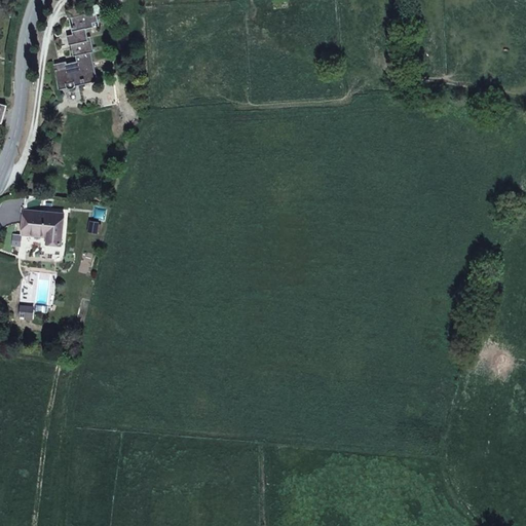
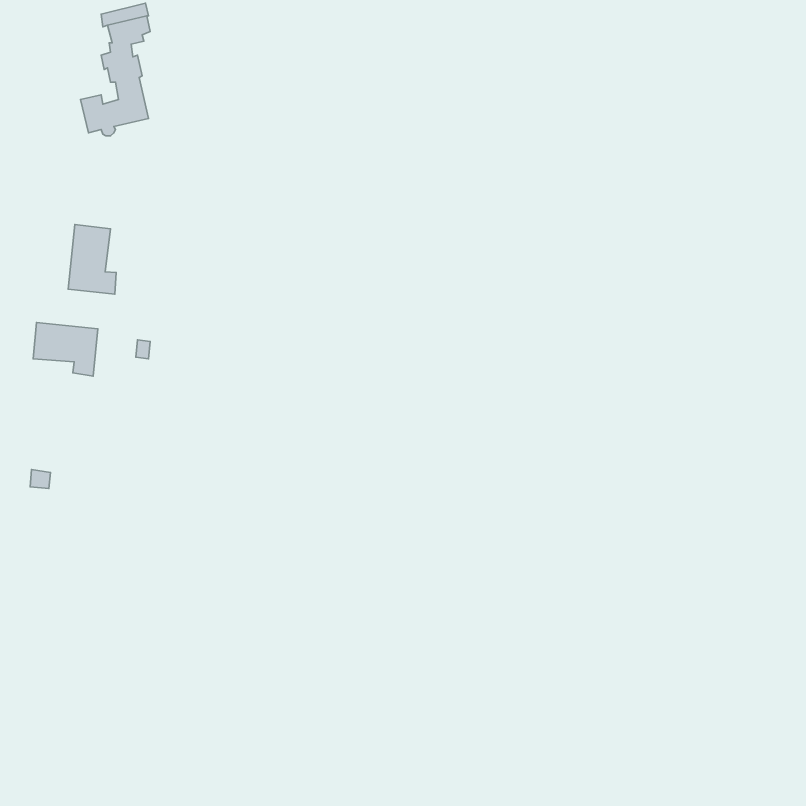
building: none -> [68,224,116,294]

